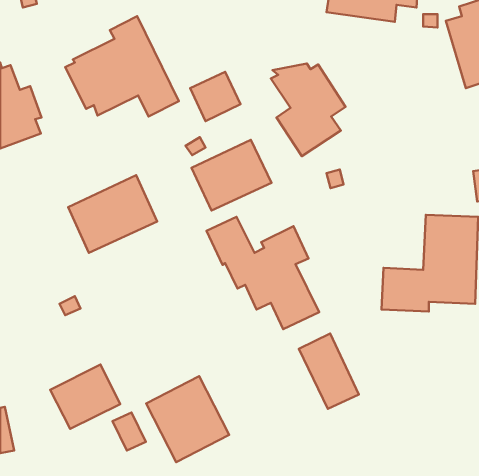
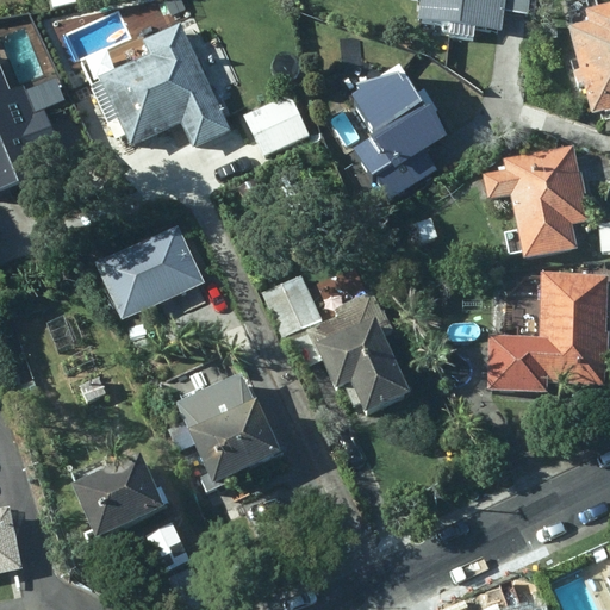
building: none -> [481,144,589,255]
building: [191,140,272,210] -> none
building: [299,334,359,409] -> none
building: [146,376,229,462] -> [172,379,276,487]

